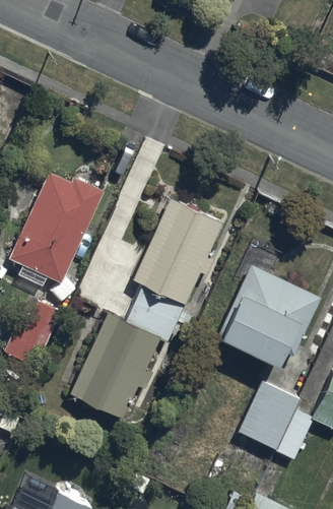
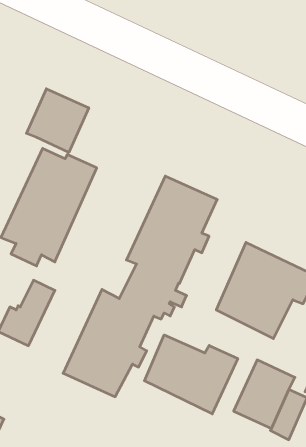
building: none -> [26,89,89,152]
building: none -> [144,335,238,414]

